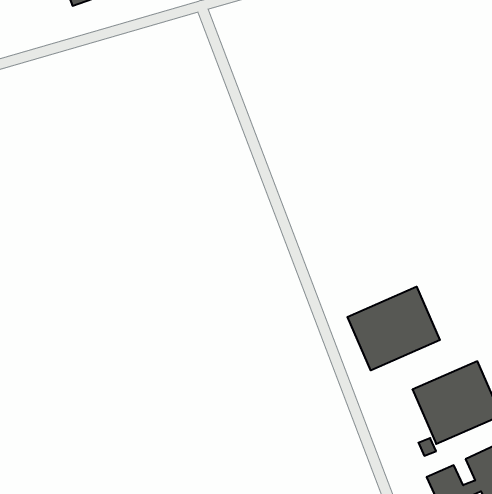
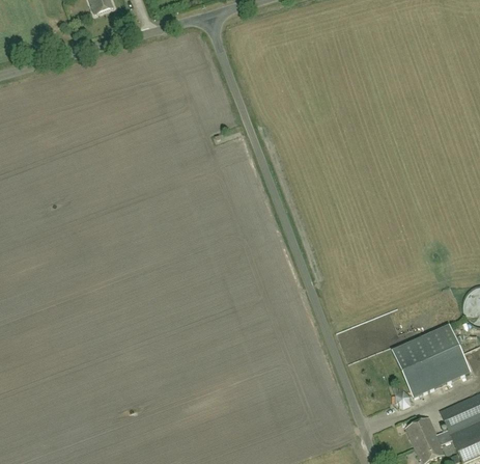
building: [347,287,440,370] -> none

